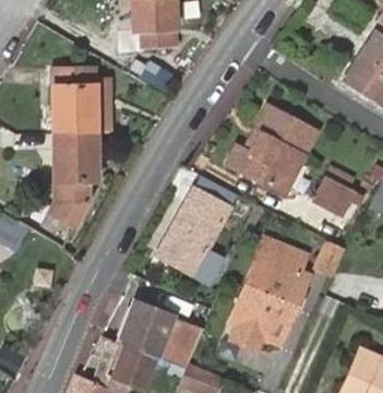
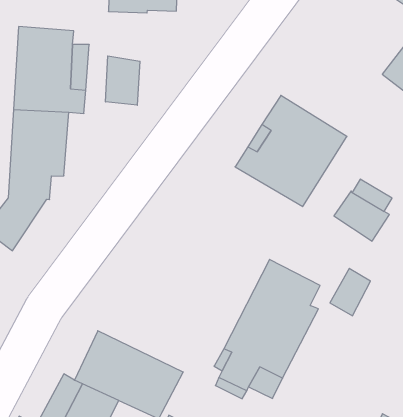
building: none -> [106,56,140,105]
building: [158,175,238,284] -> none

